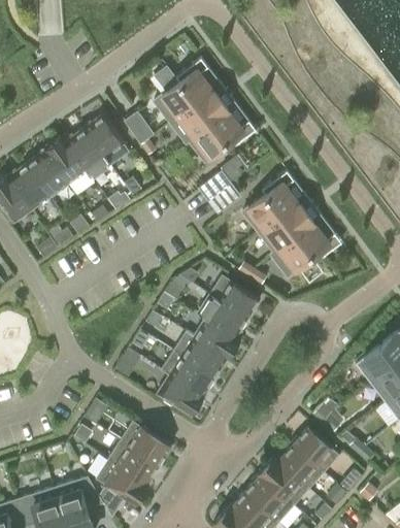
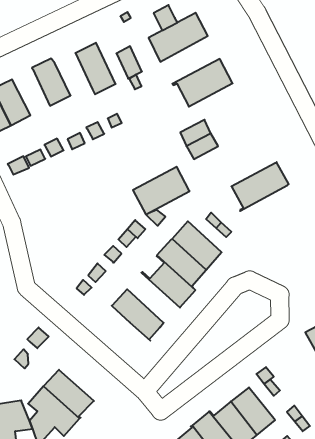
building: [169,90,228,142] -> none
building: [66,128,107,174] -> none
building: [27,151,68,196] -> none
building: [242,182,298,233] -> [133,167,190,214]
building: [271,223,330,276] -> none
building: [173,332,228,377] -> none
building: [157,369,204,417] -> none
building: [120,421,171,465] -> none

